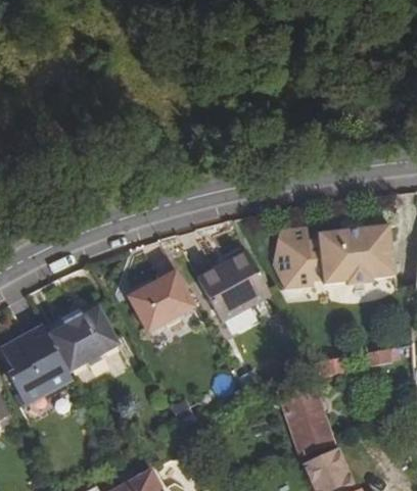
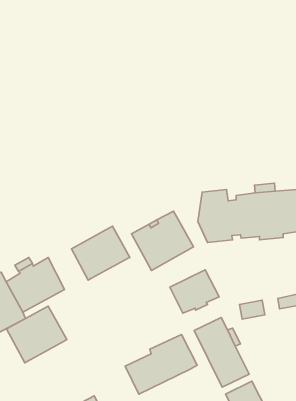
building: none -> [170,270,219,313]
building: none -> [6,306,67,363]
building: none -> [125,334,197,394]

